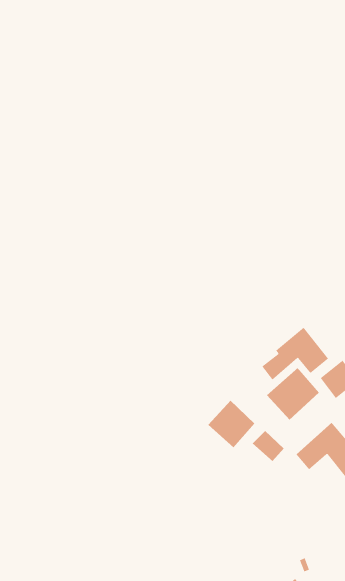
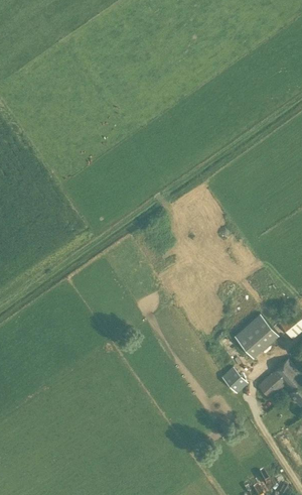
building: [262,327,329,381] -> none
building: [208,400,255,448] -> none

